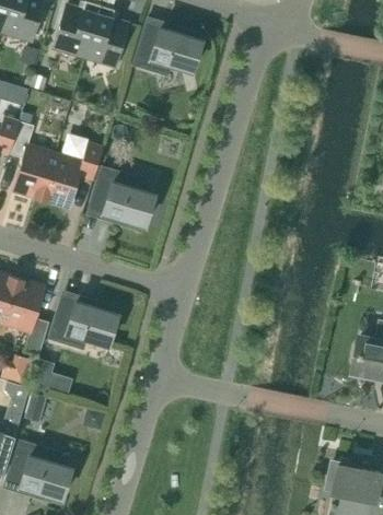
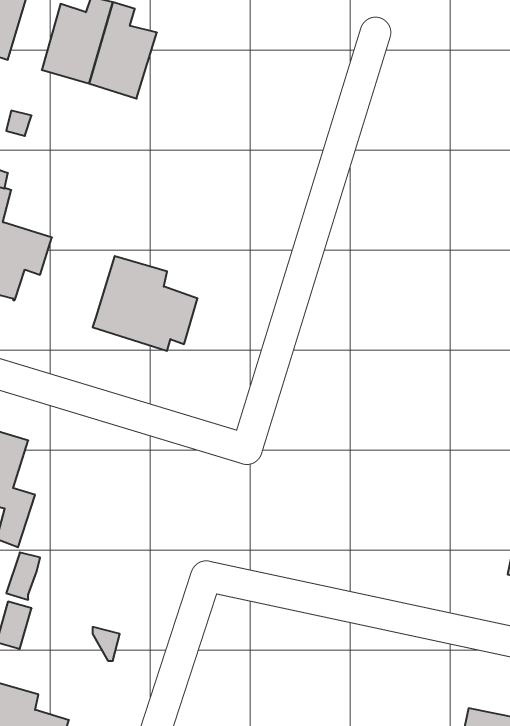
building: [134,24,201,73] -> none
building: [36,142,104,208] -> none
building: [49,297,118,348] -> none

